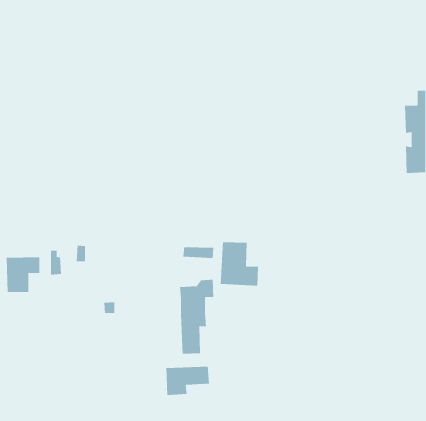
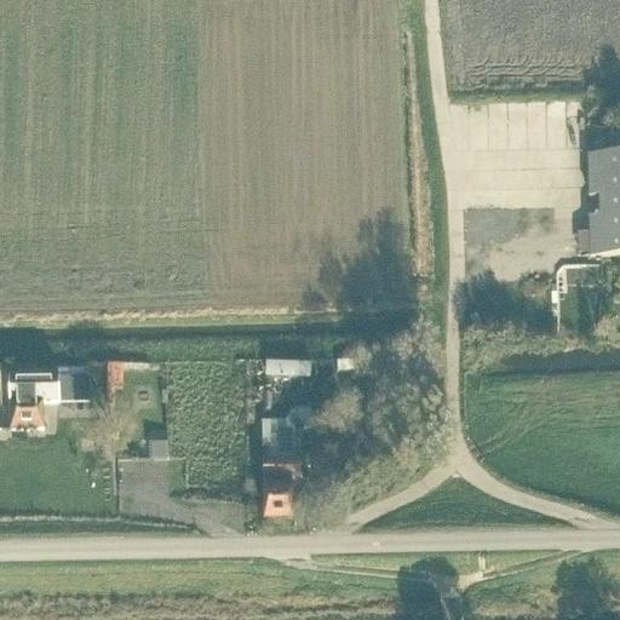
building: [220,242,258,287] -> none
building: [166,366,209,396] -> none

